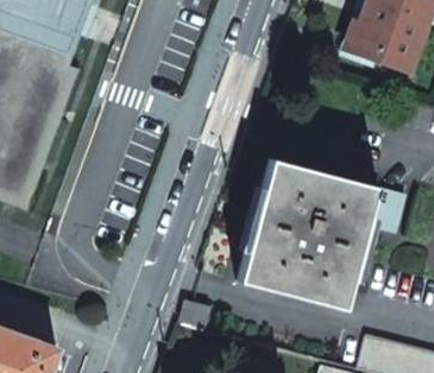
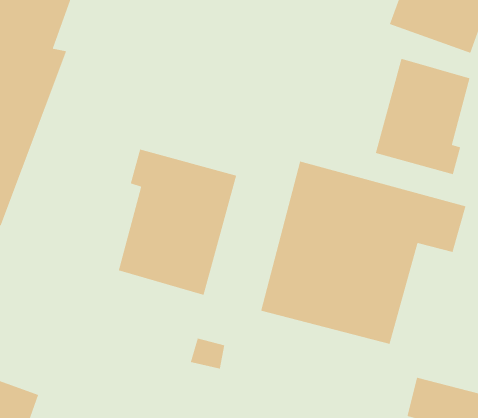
building: none -> [375,58,471,175]
building: none -> [118,149,237,296]

